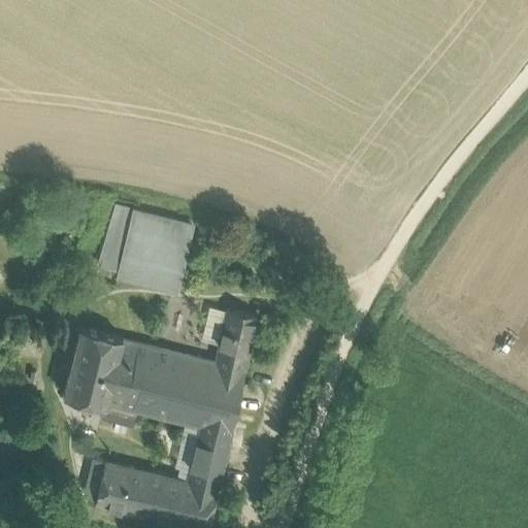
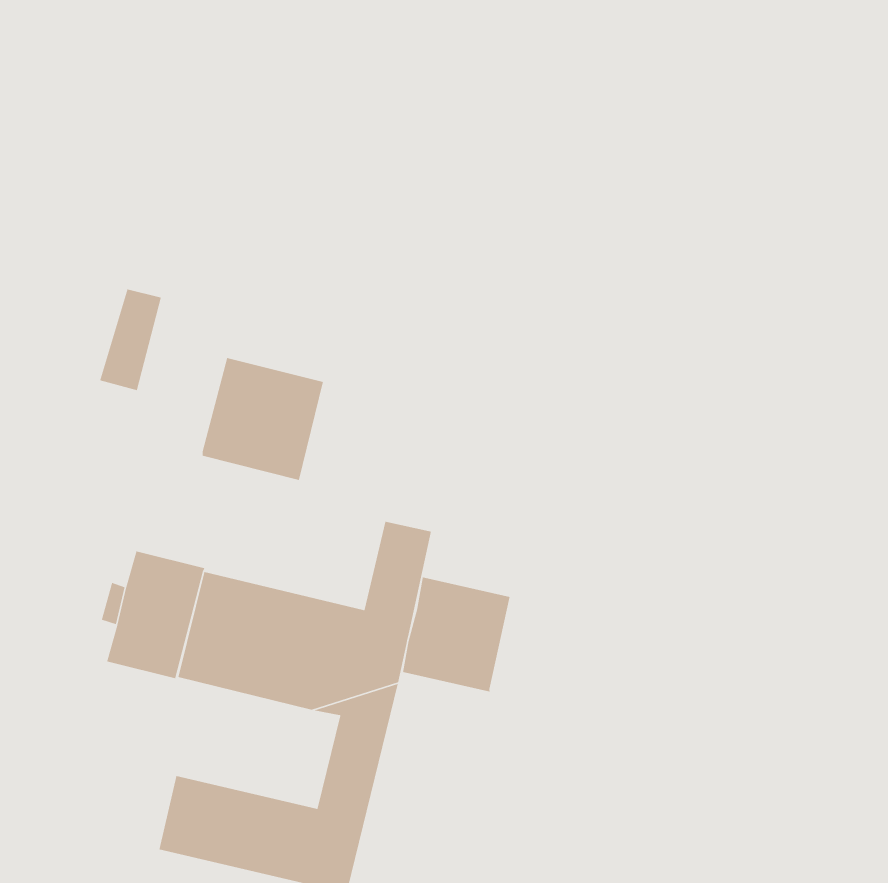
building: [98,210,135,271] -> [99,288,162,391]
building: none -> [402,577,511,693]

